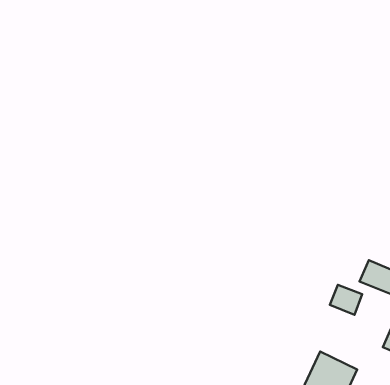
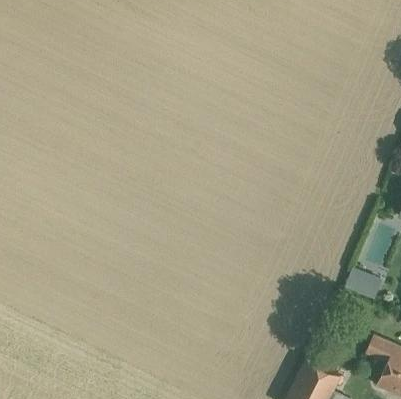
building: [330,285,362,315] -> none

